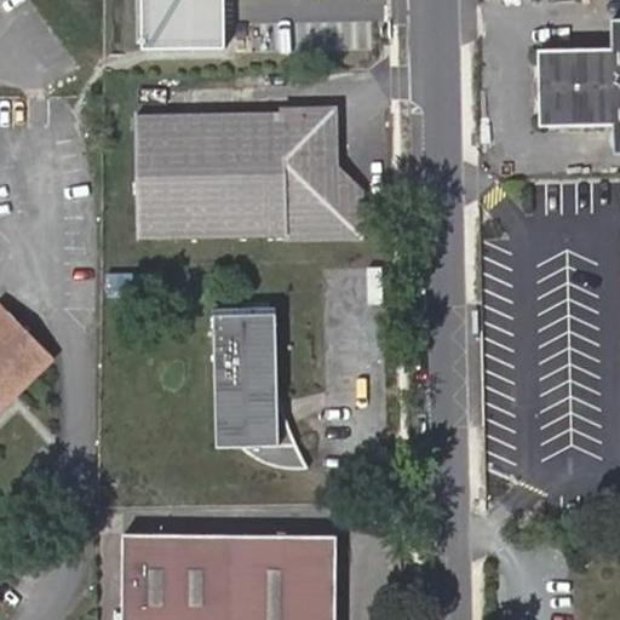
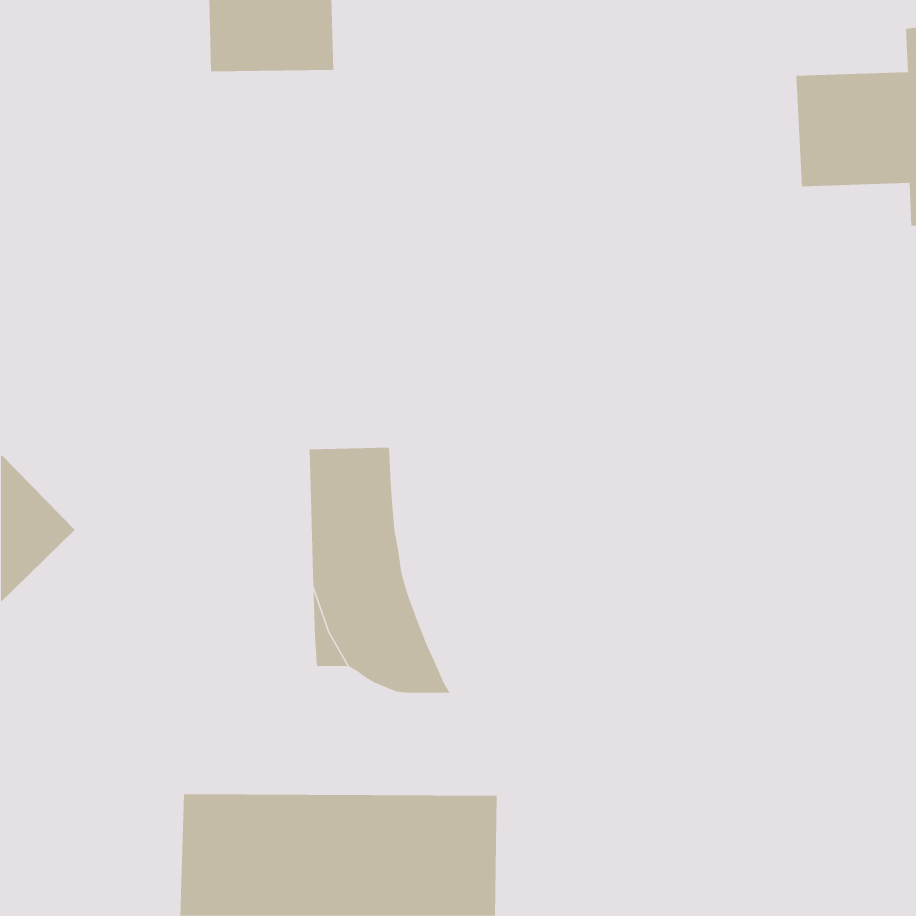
building: [138,111,358,239] -> none

